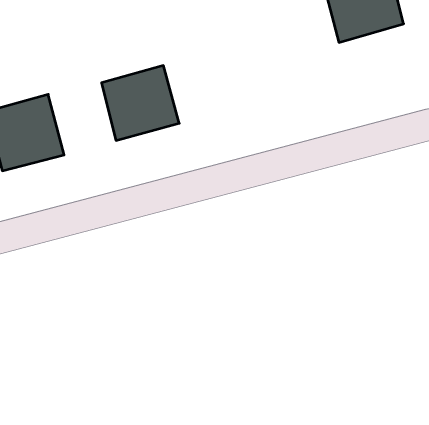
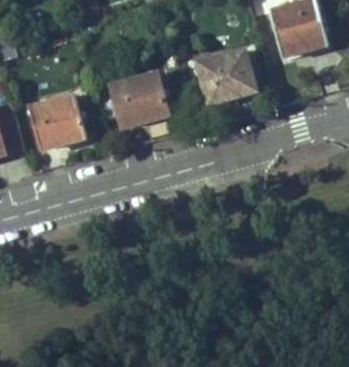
building: none -> [197,50,254,103]

